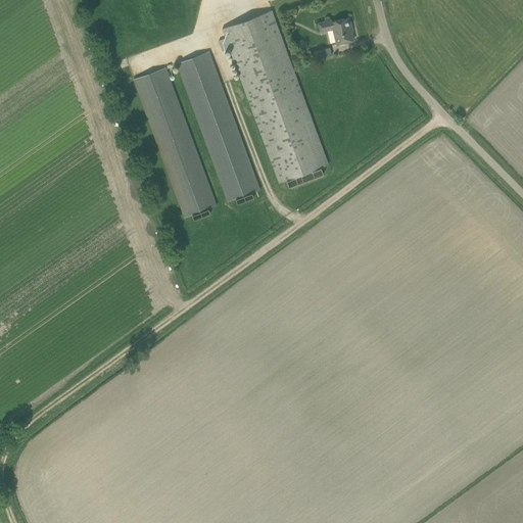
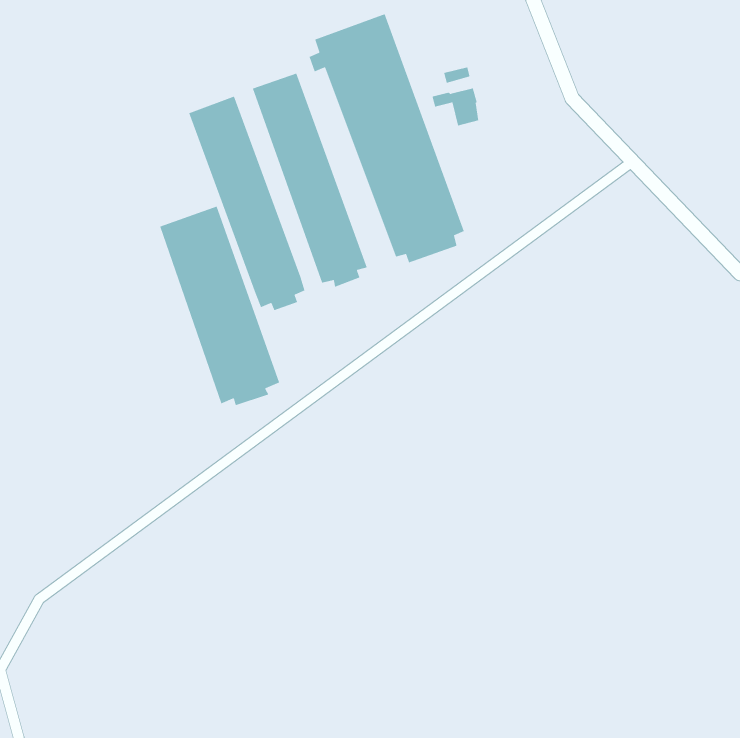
building: [319,16,352,44] -> [432,87,479,126]
building: none -> [159,206,280,406]

